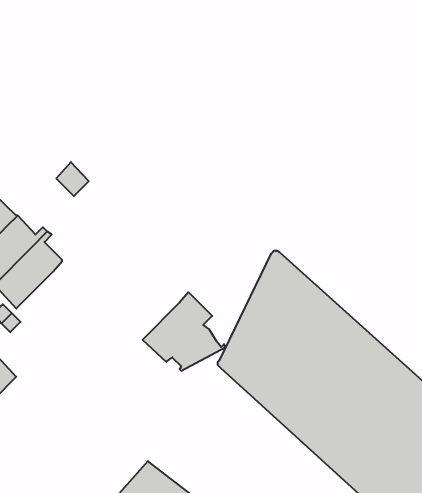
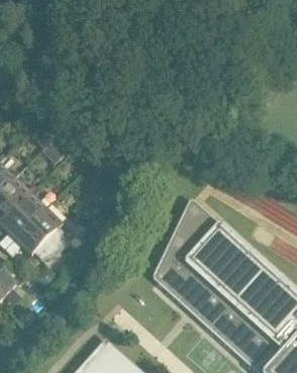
building: [143,292,226,371] -> [14,205,71,259]

